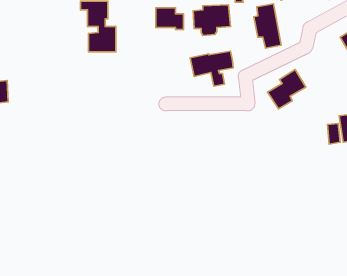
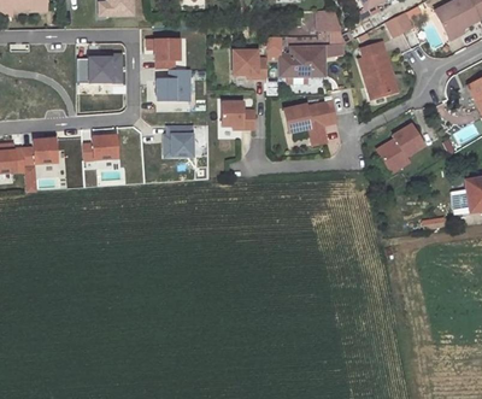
building: none -> [77,53,122,82]
building: none -> [223,101,257,129]
building: none -> [163,124,194,158]
building: none -> [82,134,118,162]

